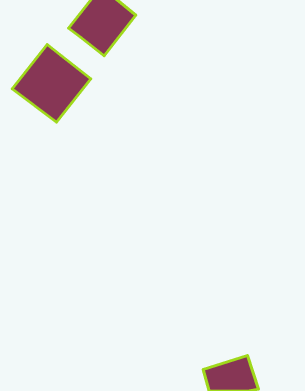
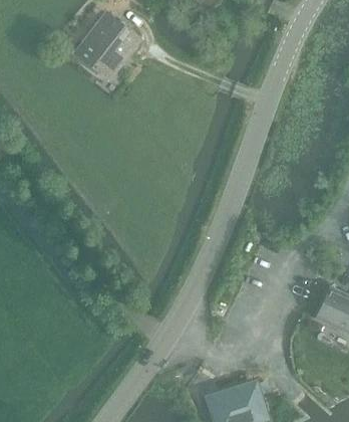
building: [12,44,91,122] -> none

